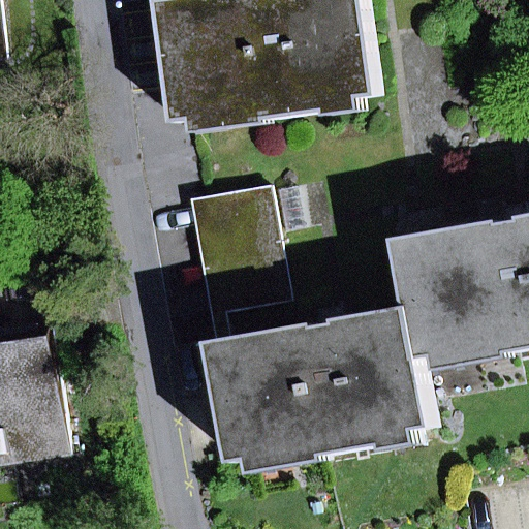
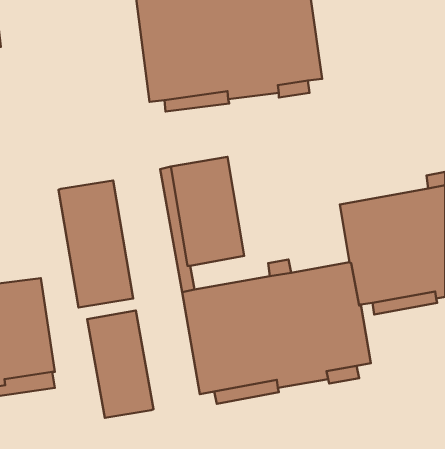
building: none -> [59,181,133,308]
building: none -> [87,311,153,418]

